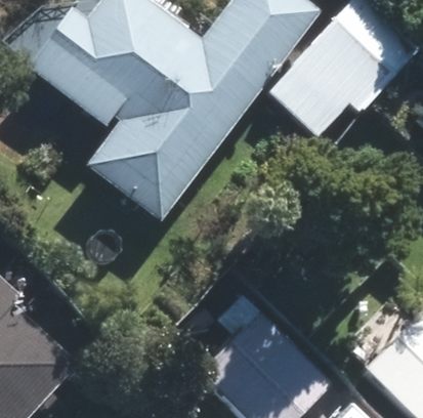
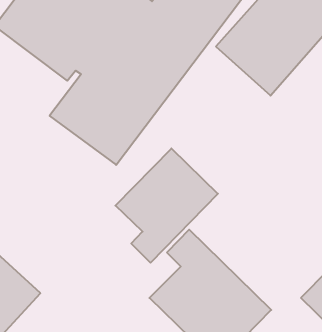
building: none -> [115,148,218,263]

